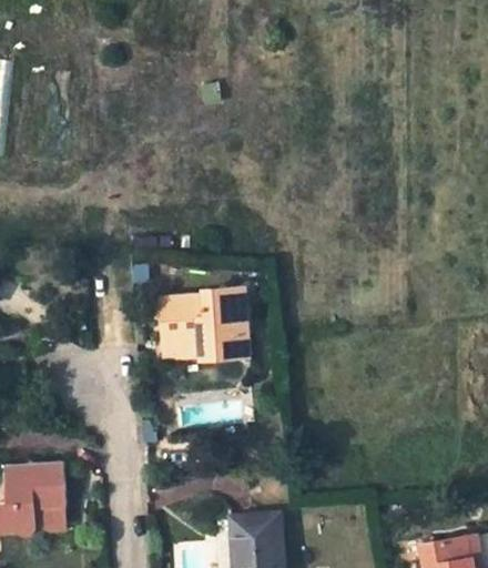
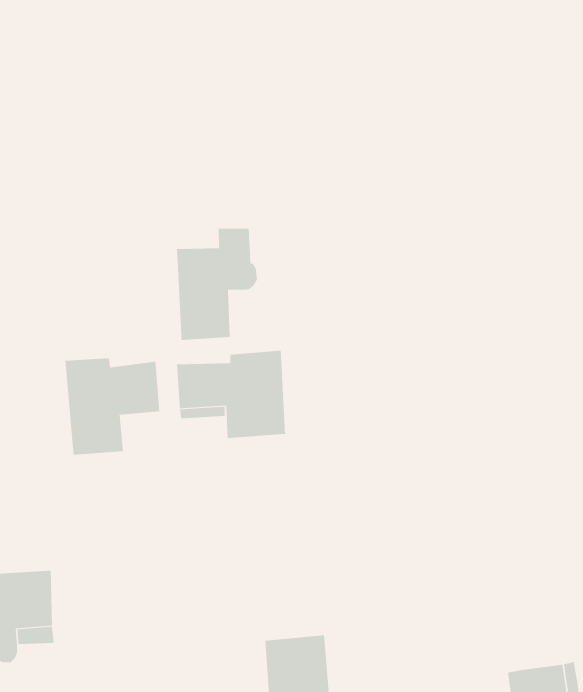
building: none -> [177,228,257,341]
building: none -> [65,357,160,455]

